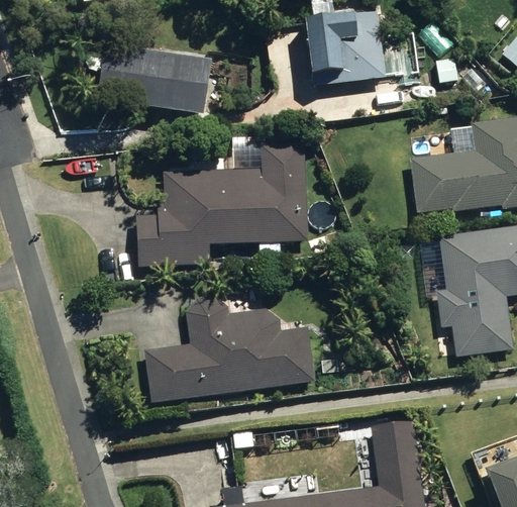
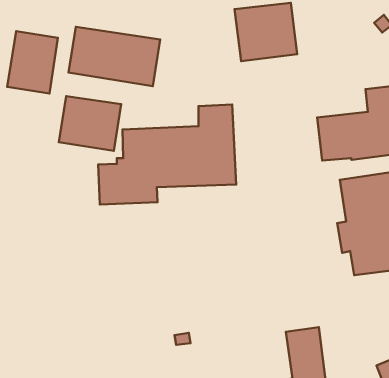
building: none -> [7,31,58,94]
building: none -> [59,96,121,151]
building: [144,296,315,403] -> none

